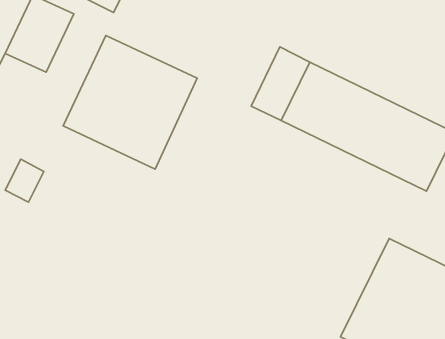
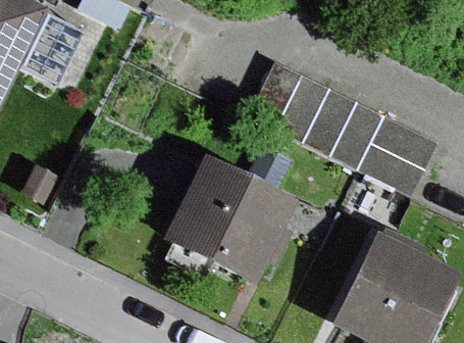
building: [63,35,197,169] -> none
building: none -> [162,156,297,285]

